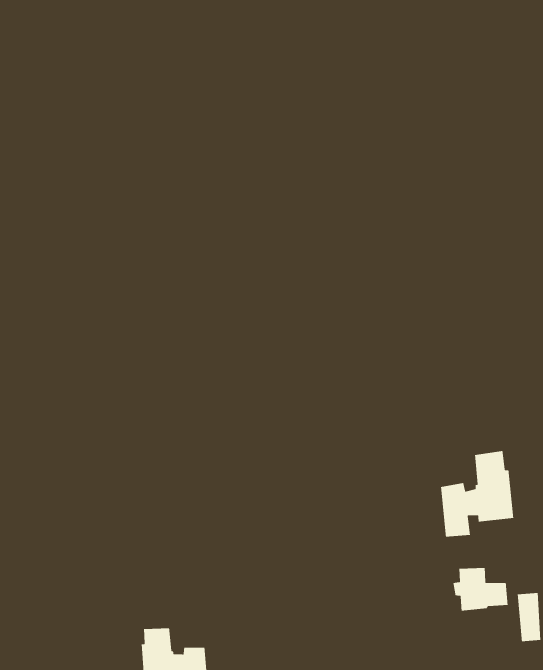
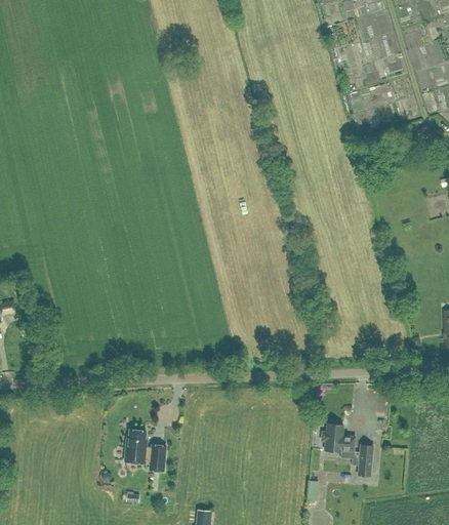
building: [440,450,514,537] -> none

